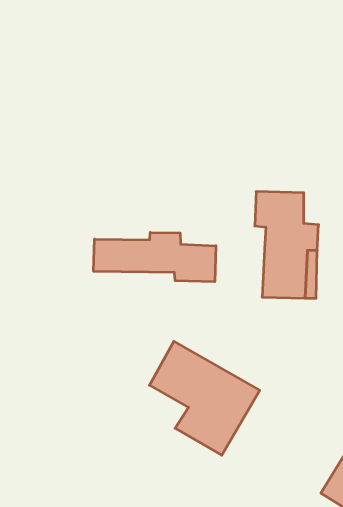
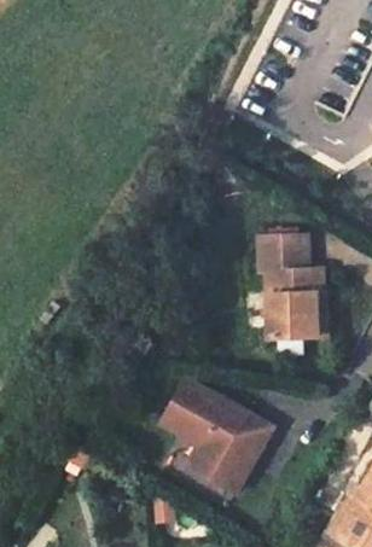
building: [94,232,216,282] -> none

